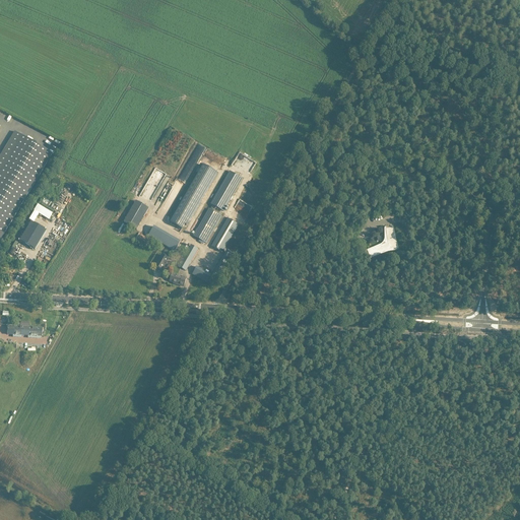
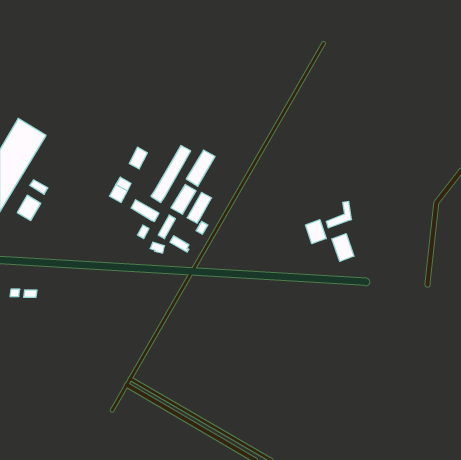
building: none -> [305,220,326,244]
building: none -> [332,234,354,261]

